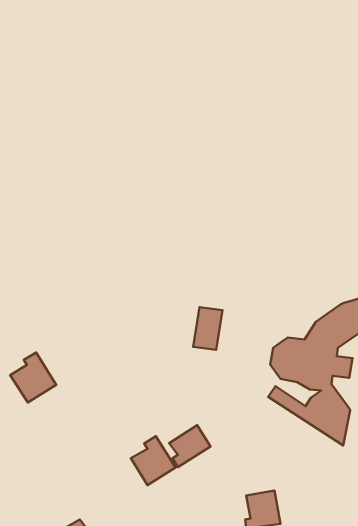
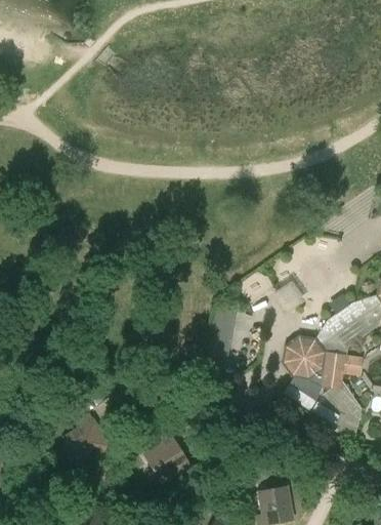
building: [10,352,56,402] -> [64,415,109,465]
building: [169,425,211,467] -> none

